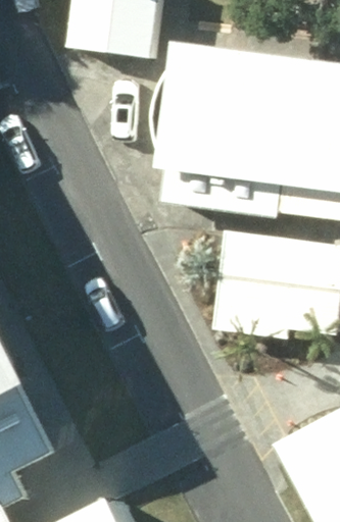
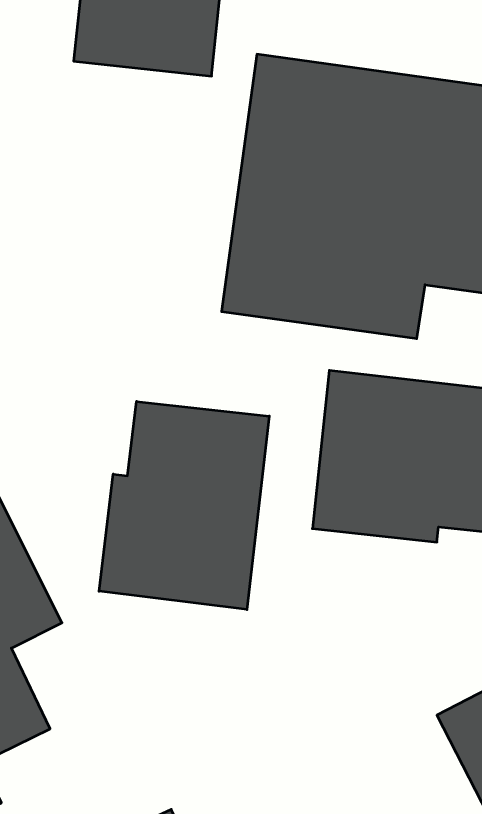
building: none -> [99,401,269,610]

